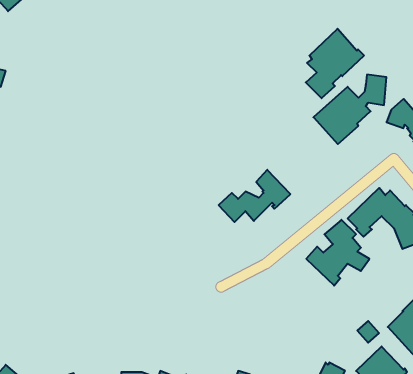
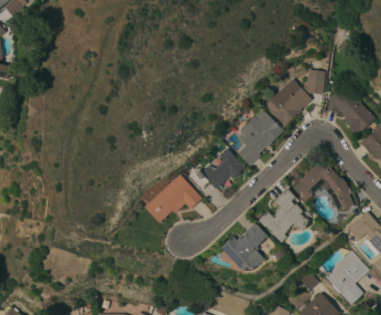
building: [306,29,364,98] -> [236,108,284,165]
building: none -> [144,174,202,223]
building: none -> [221,222,268,270]

